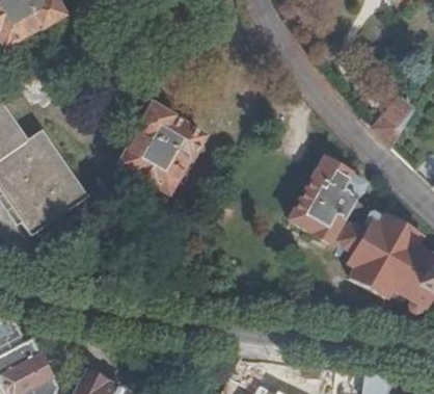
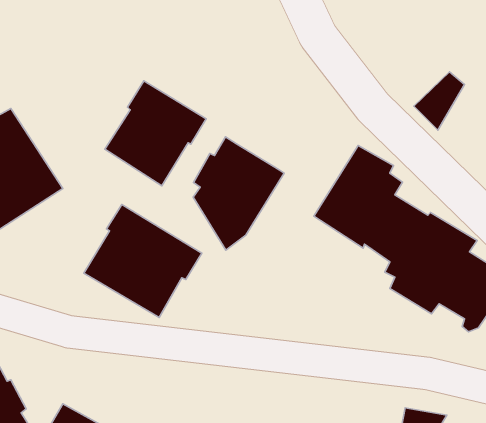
building: none -> [193,137,284,250]
building: none -> [84,204,202,317]

